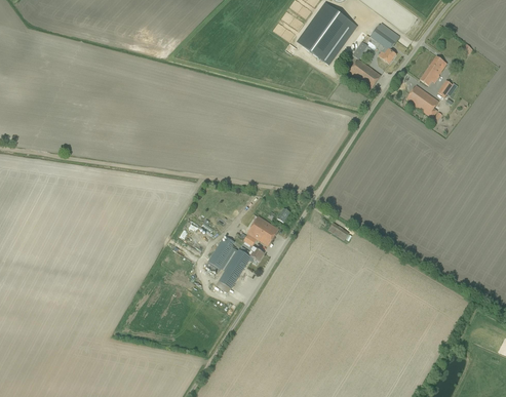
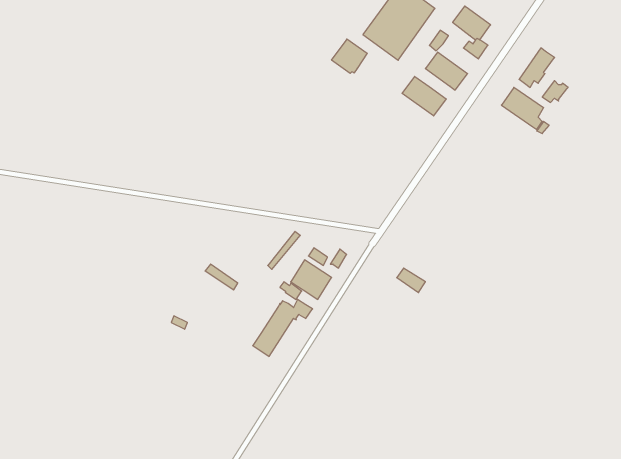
building: none -> [332,39,367,73]
building: none -> [402,76,446,116]
building: [205,236,238,272] -> none

